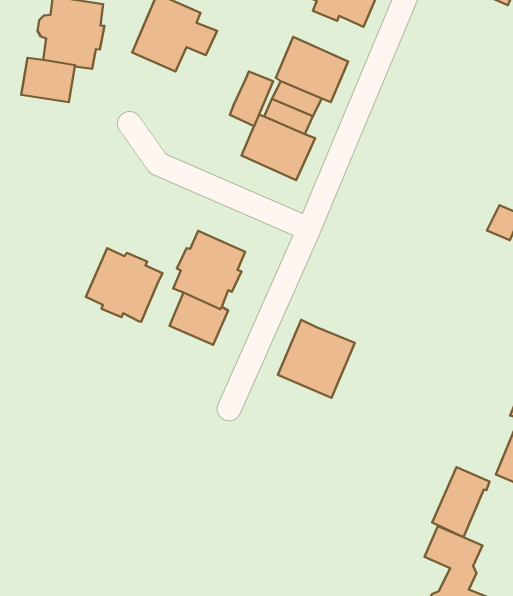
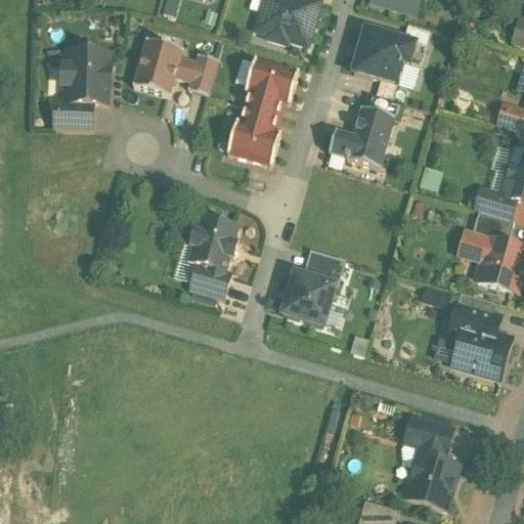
building: none -> [349,25,416,85]
building: [230,71,273,126] -> [187,53,217,94]
building: none -> [322,110,399,171]
building: [86,248,163,322] -> none
building: none -> [300,251,341,285]
building: [432,467,490,537] -> none

